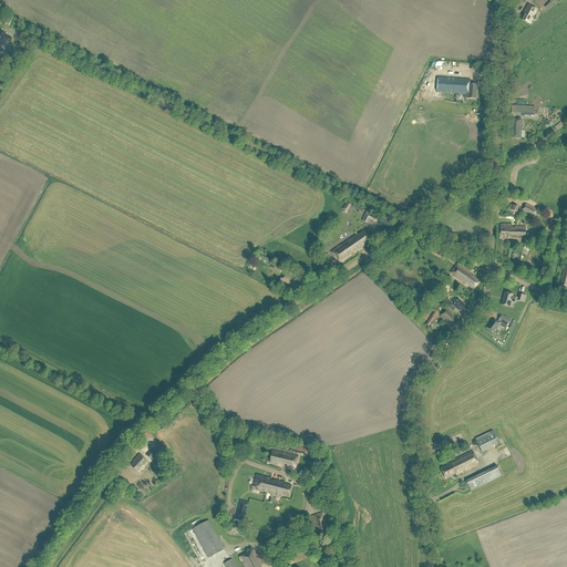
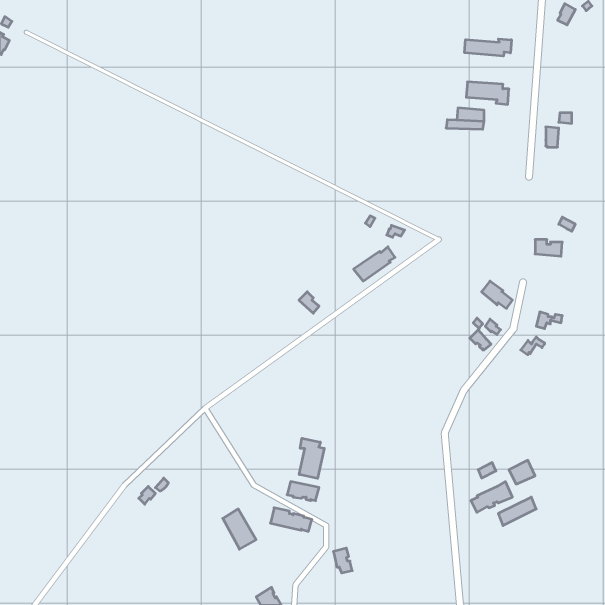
building: none -> [465,39,511,56]
building: none -> [299,438,324,478]
building: [193,519,224,557] -> [223,509,256,549]

